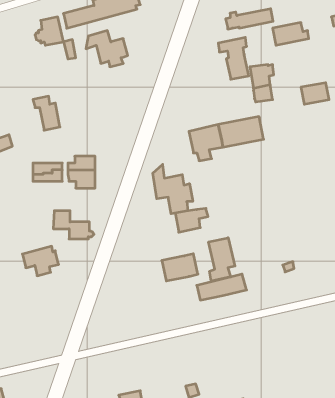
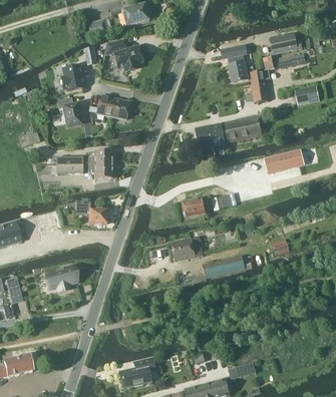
building: [226,9,273,29] -> [264,52,306,70]
building: [35,17,63,45] -> [58,65,83,90]
building: none -> [88,95,129,119]
building: none -> [265,149,304,173]
building: [153,164,193,214] -> none
building: [209,238,235,281] -> none
building: [22,246,59,276] -> [45,266,77,292]

